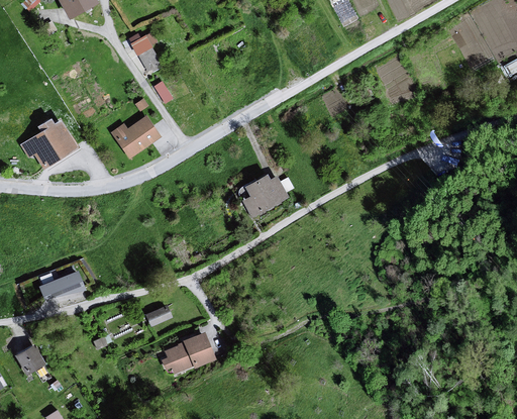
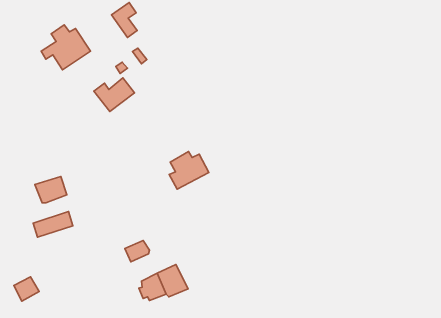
building: [20,116,77,168] -> [41,25,91,70]
building: [242,173,288,216] -> [169,151,209,189]
building: none -> [35,176,67,203]

